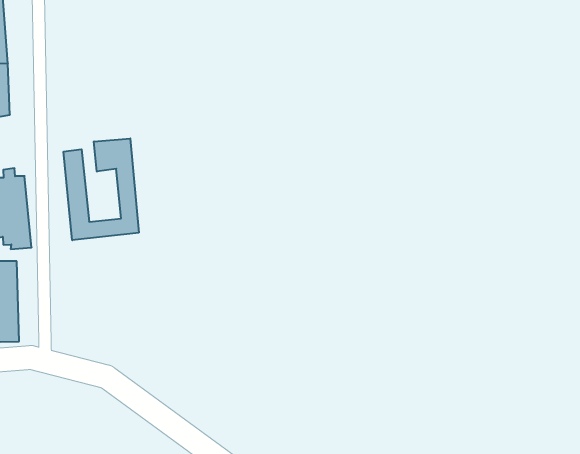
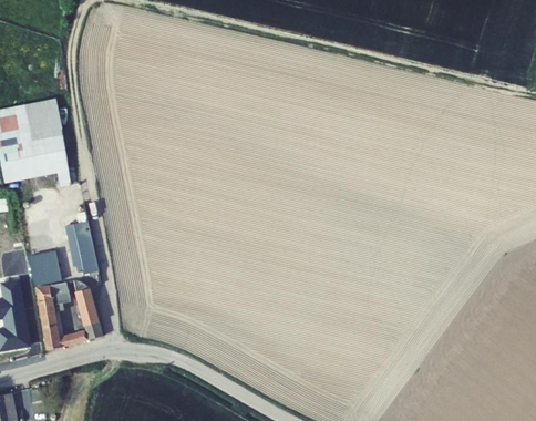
building: [64,138,139,240] -> none

